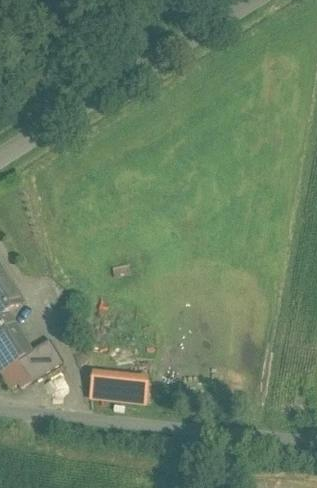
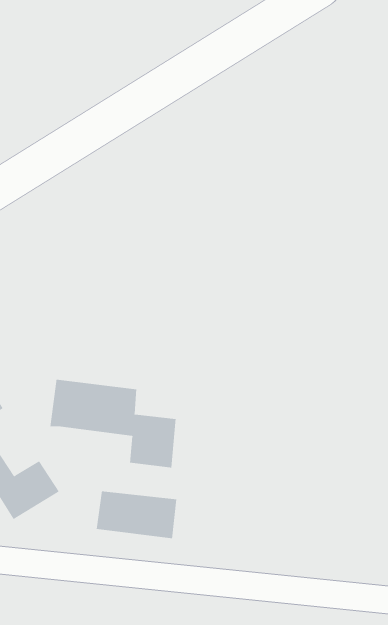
building: none -> [50,379,176,469]

